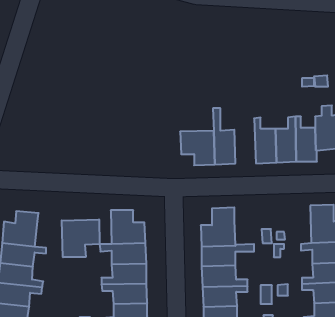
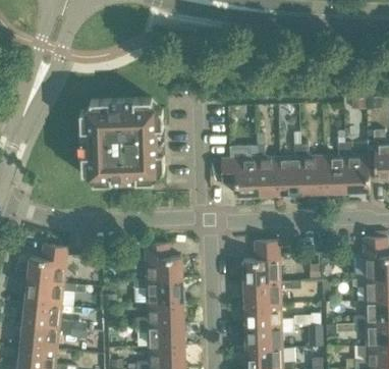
building: none -> [79,100,164,184]
building: none -> [279,135,302,195]
building: [62,219,99,257] -> none

